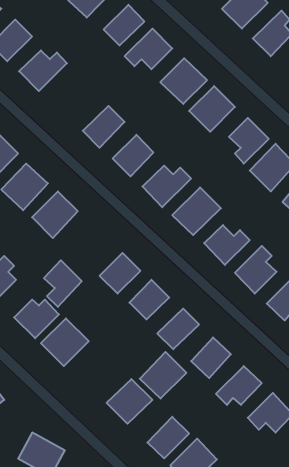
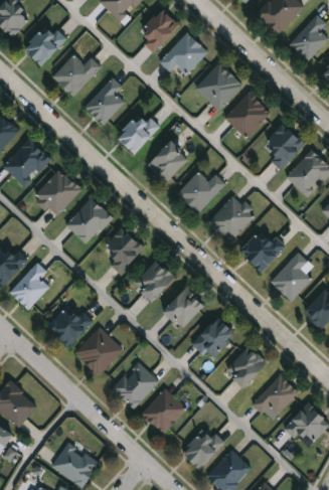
building: none -> [84,78,125,125]
building: [44,260,82,307] -> [106,227,144,275]
building: [140,352,186,399] -> [112,361,159,409]

